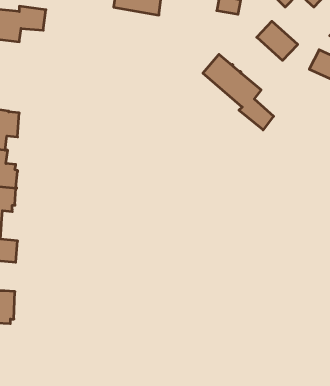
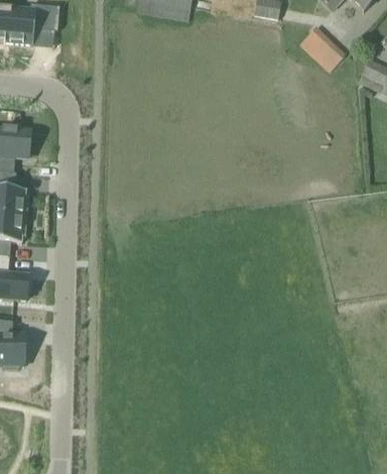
building: [203,54,274,130] -> none

